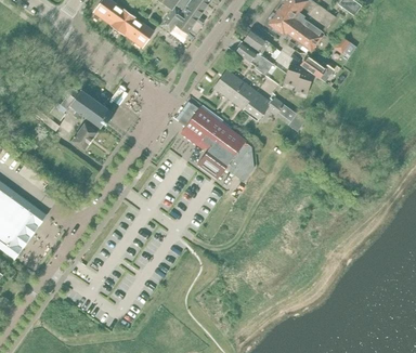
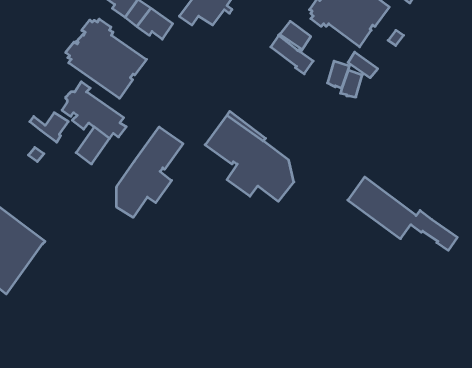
building: none -> [66,19,147,98]
building: [212,69,304,131] -> [348,177,457,250]
building: none -> [117,127,183,217]

